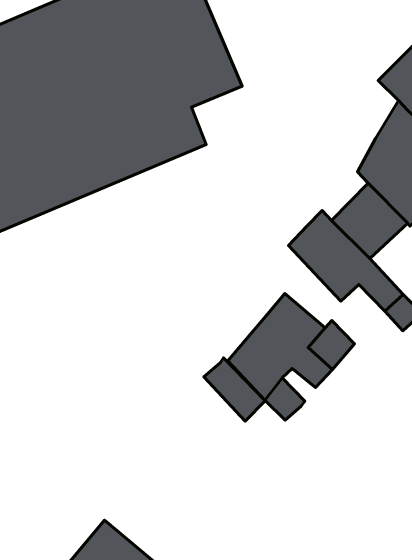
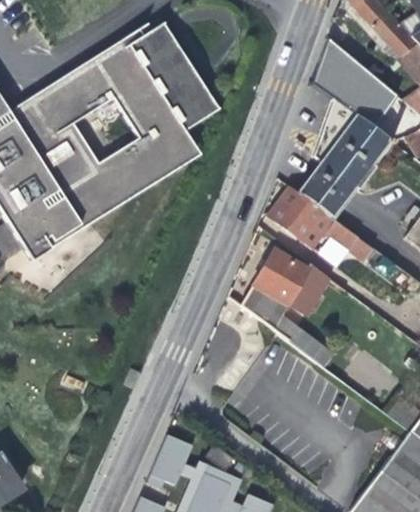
building: [204,358,265,421] -> [289,327,336,370]

